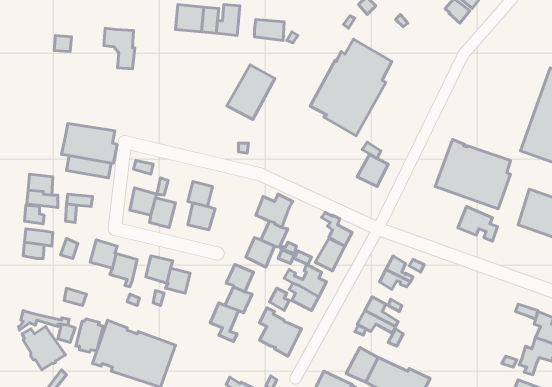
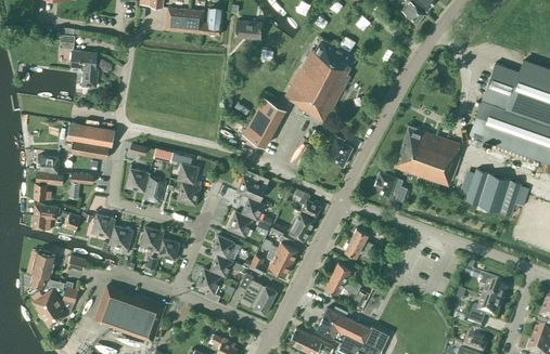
building: [104,28,135,69] -> [71,50,98,86]
building: [227,65,275,119] -> [243,96,285,144]
building: [458,207,497,241] -> [372,170,407,200]
building: [76,319,103,352] -> [31,248,55,277]

